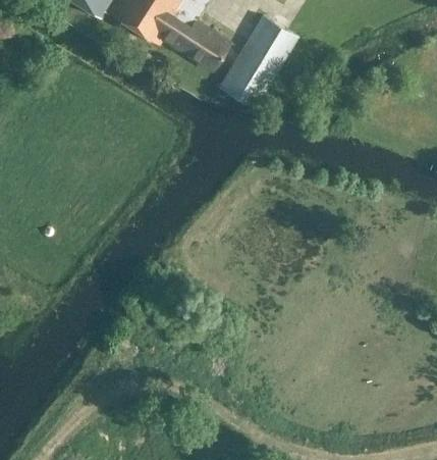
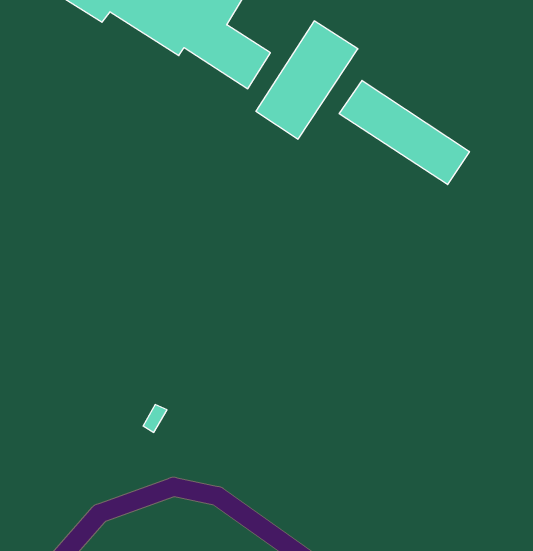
building: none -> [339,80,469,185]

